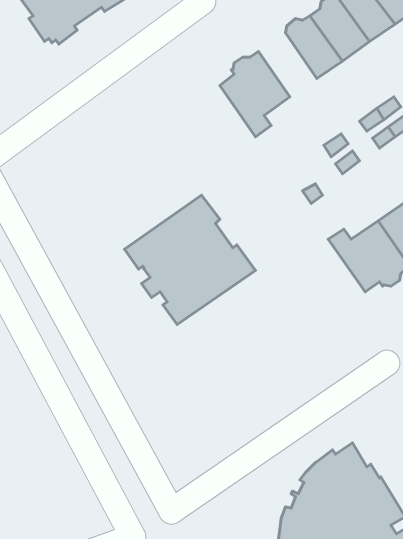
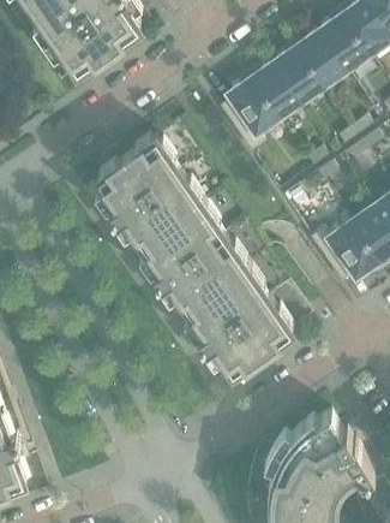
building: none -> [246,66,295,120]
building: none -> [90,139,198,249]
building: none -> [178,267,286,376]

